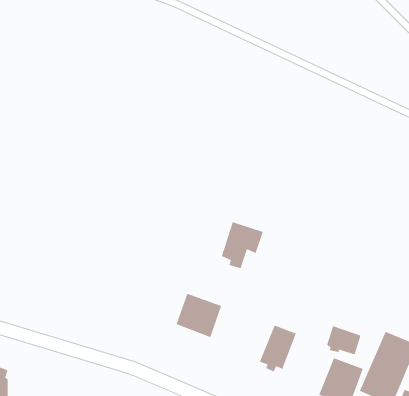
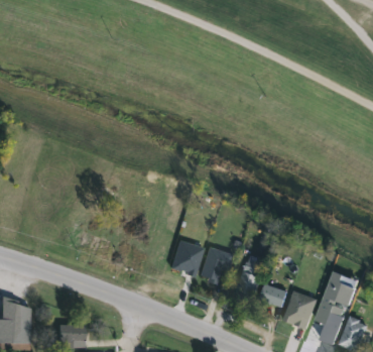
building: [221,221,264,269] -> [199,246,233,284]
building: [326,325,361,355] -> [257,283,285,308]

